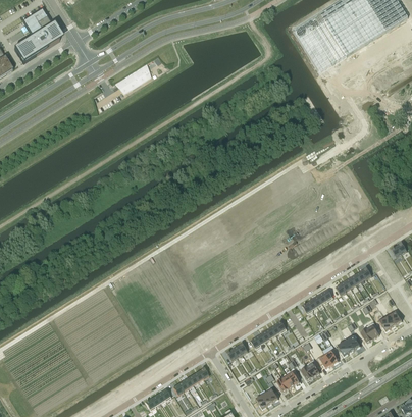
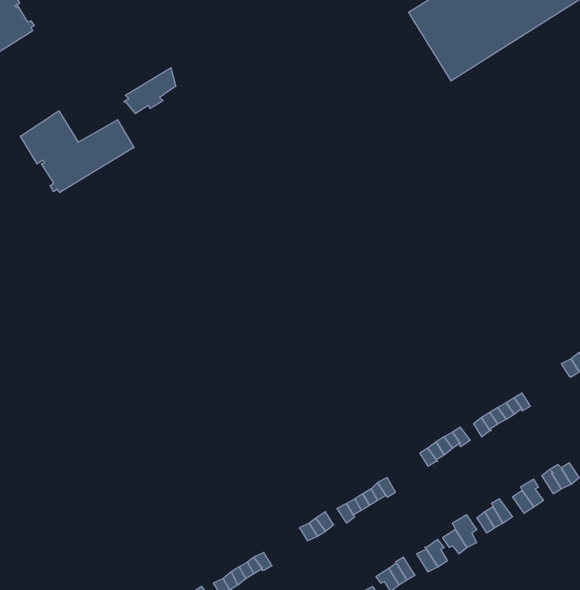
building: none -> [20,111,134,193]

